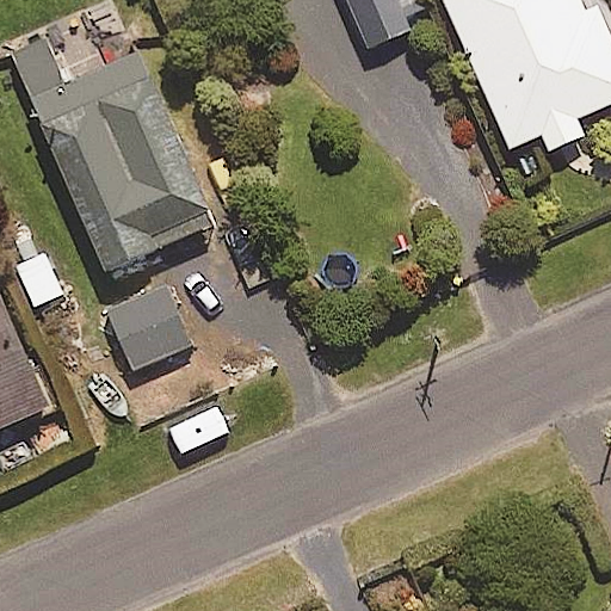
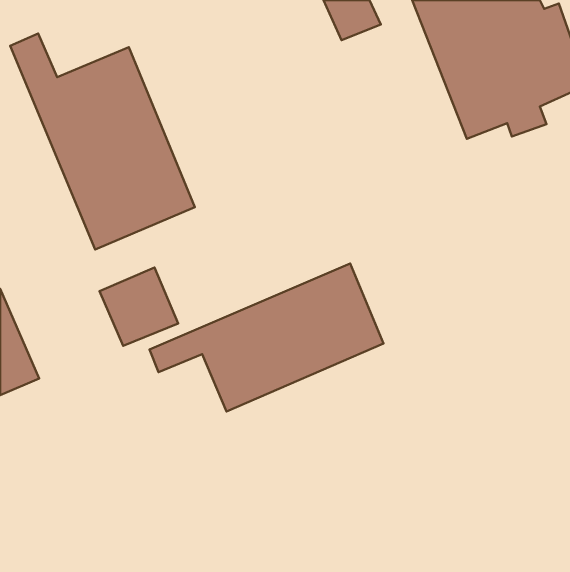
building: none -> [149,263,384,412]

